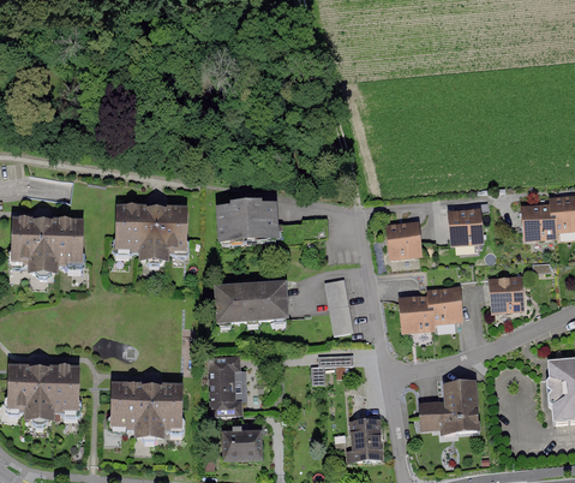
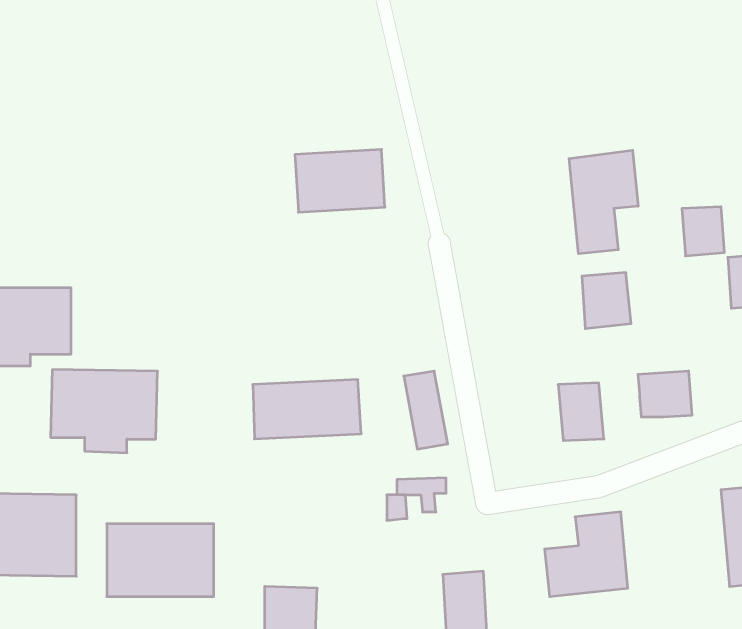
building: none -> [569,150,638,254]
building: [216,201,280,245] -> [295,149,385,212]
building: [114,202,190,261] -> [51,370,158,453]
building: [520,202,550,237] -> [682,207,724,256]
building: [388,220,420,258] -> none
building: [401,291,432,332] -> none
building: [209,354,239,415] -> none

